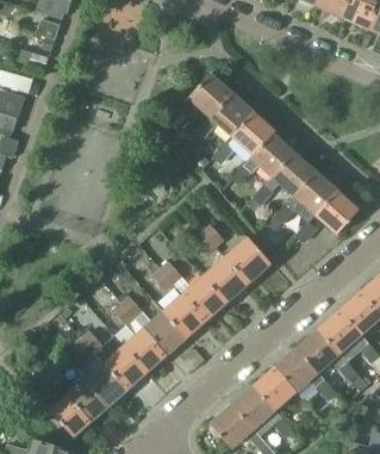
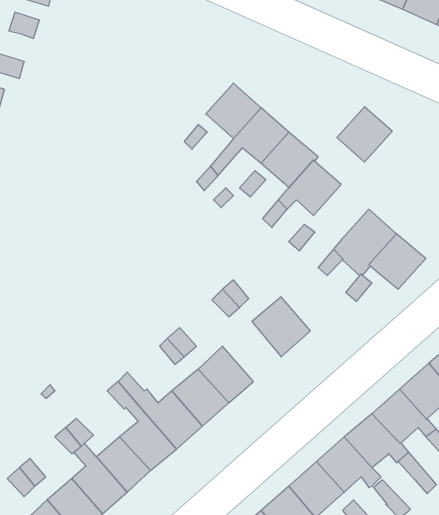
building: [272,153,314,195] -> [337,107,392,162]
building: [201,259,247,305] -> none

